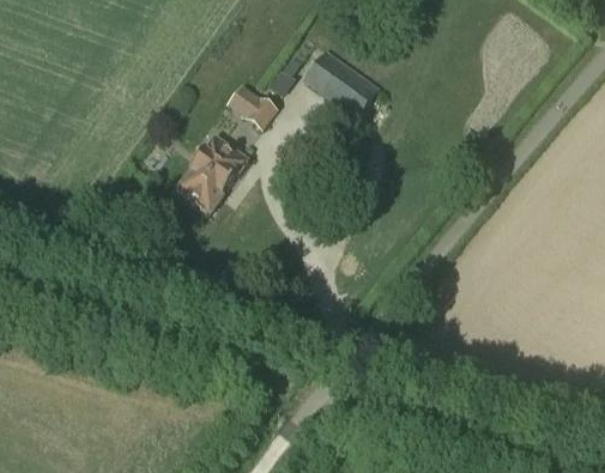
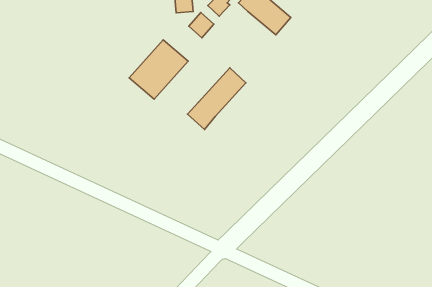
building: none -> [188,68,246,130]

